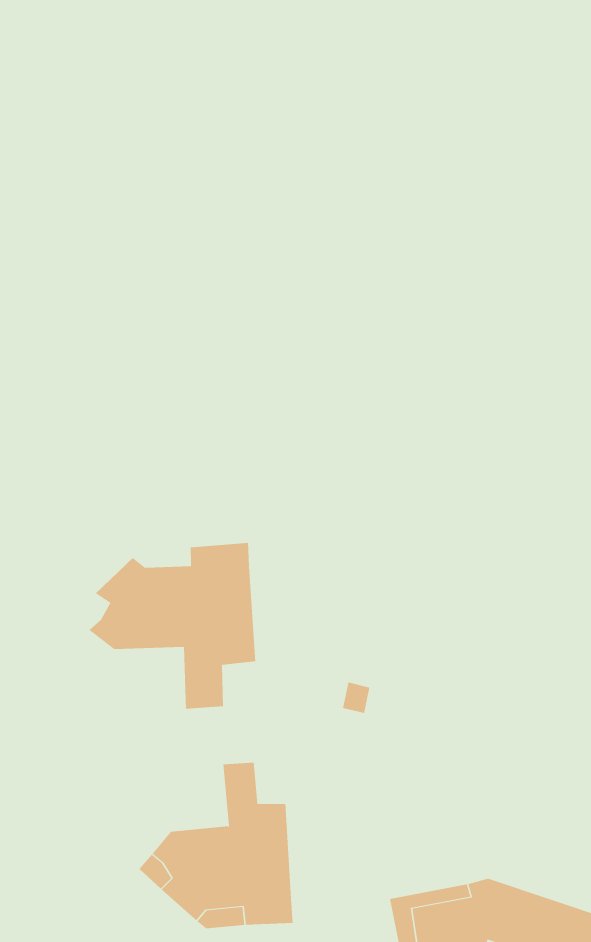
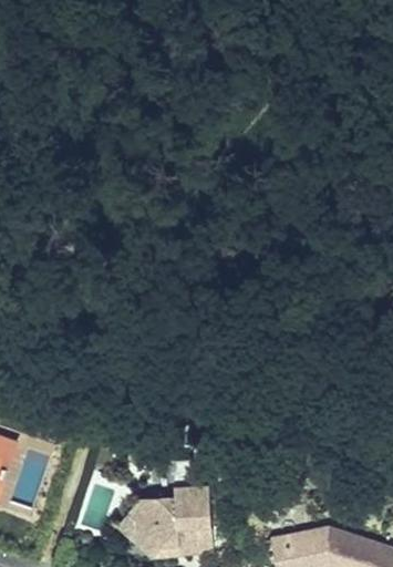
building: [88,542,256,709] -> none

